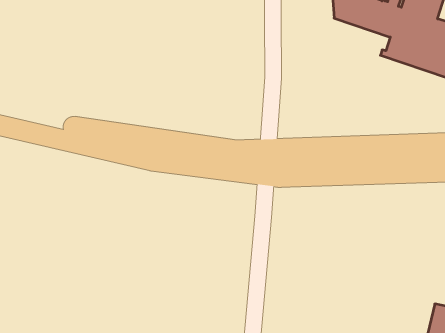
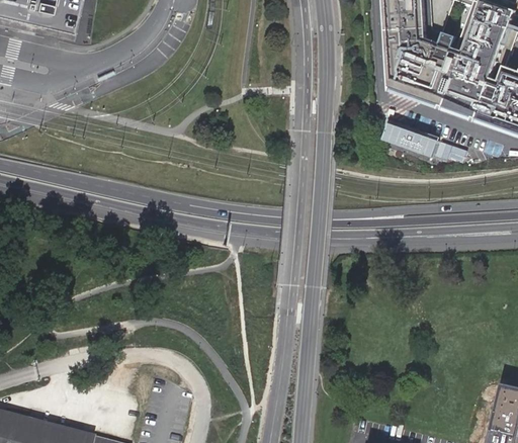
building: none -> [390,62,452,103]
building: none -> [390,122,469,161]

